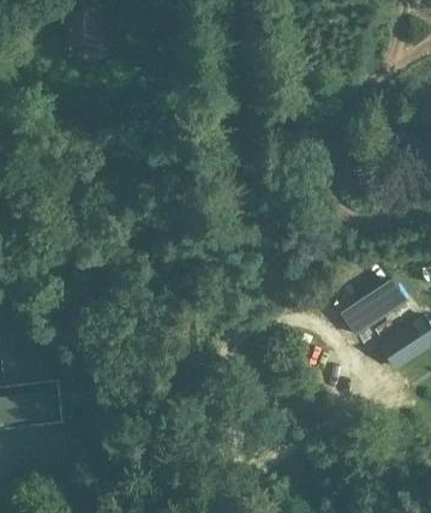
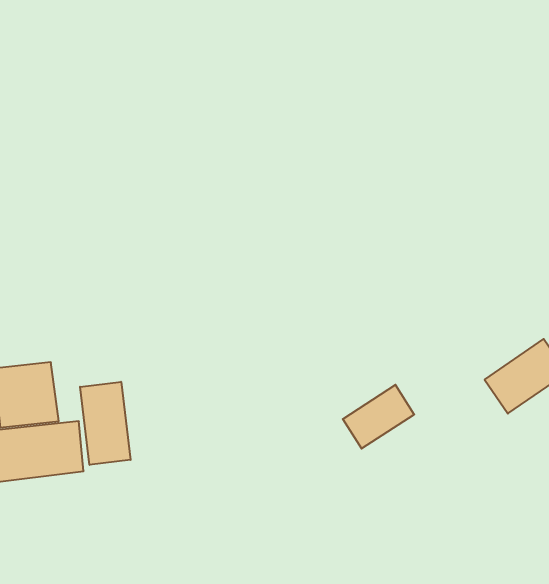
building: [339,286,394,335] -> [343,385,414,449]
building: none -> [80,382,131,465]

